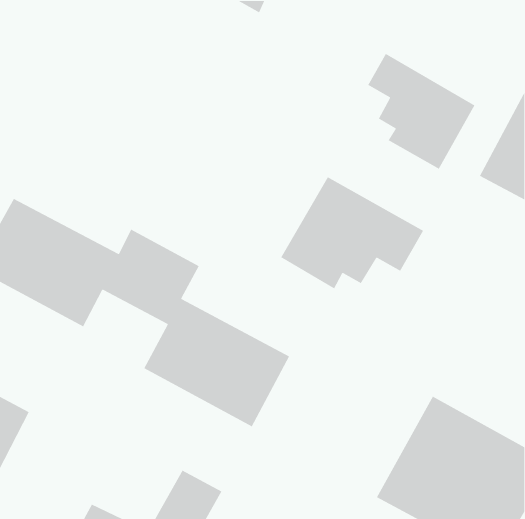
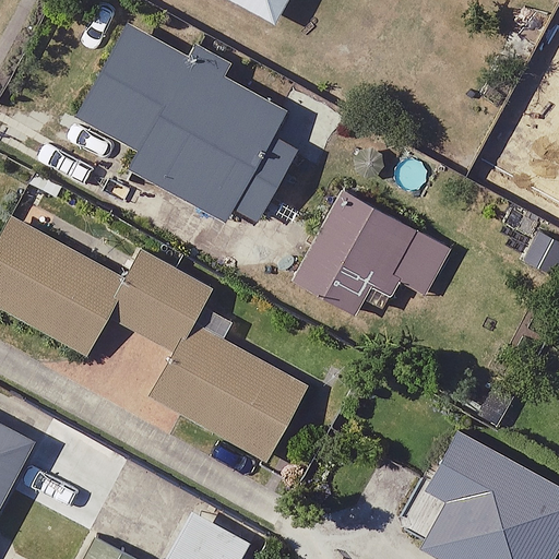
building: none -> [76,25,297,221]
building: [367,53,476,170] -> none

